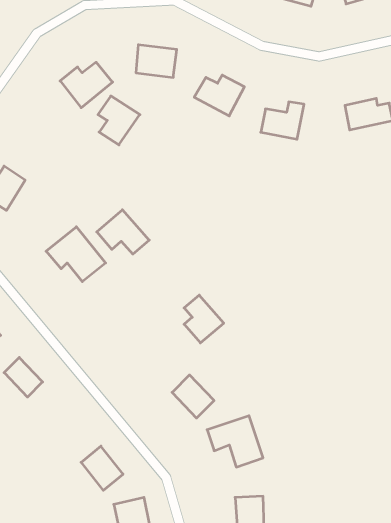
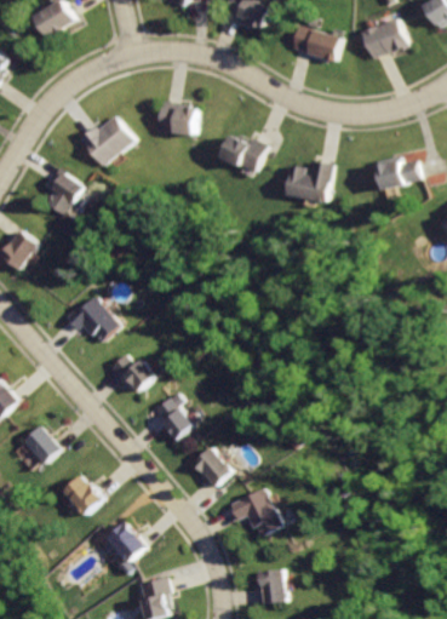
building: [98,96,140,145] -> [44,167,87,218]
building: [97,210,149,254] -> [104,345,159,391]
building: [184,295,224,343] -> [157,397,199,447]
building: none -> [53,471,99,517]

